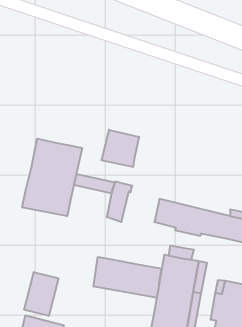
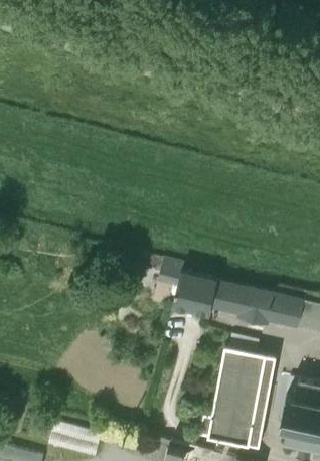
building: [101,130,139,167] -> [172,270,218,315]
building: [22,139,82,216] -> none
building: [94,257,162,298] -> none
building: [24,272,58,316] -> none

